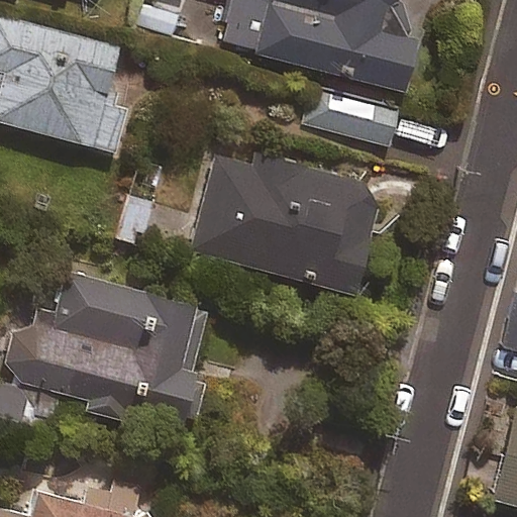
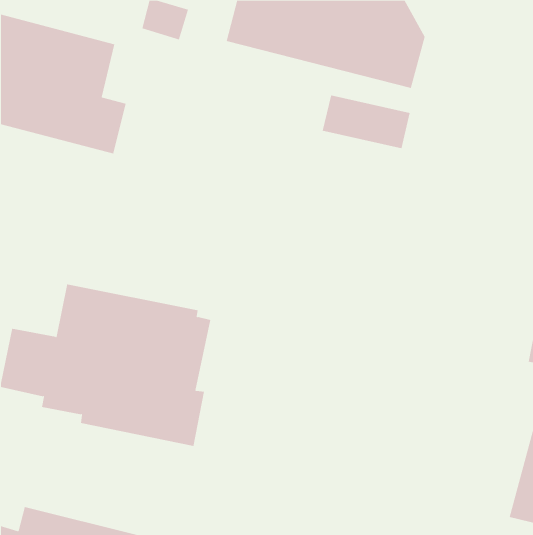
building: [190,152,373,292] -> none

